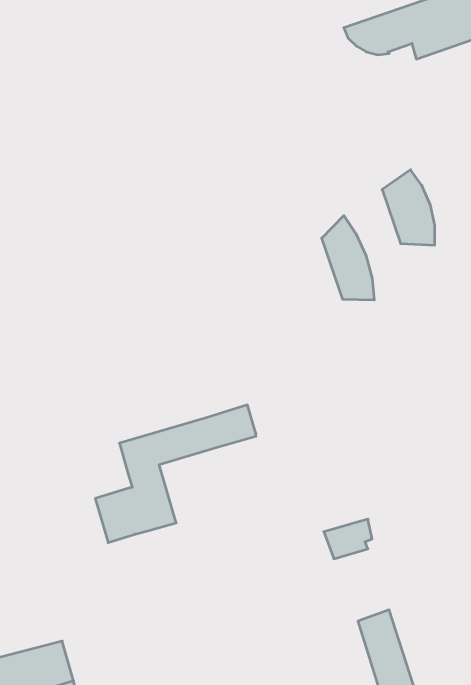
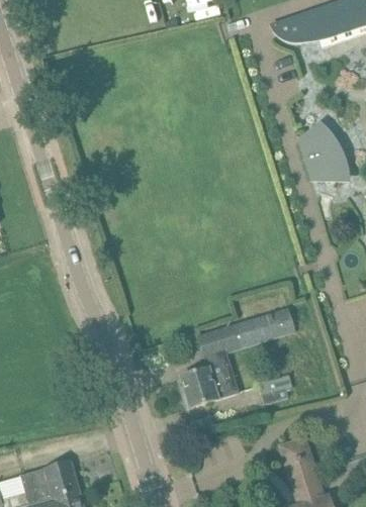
building: [322,216,374,300] -> none
building: [95,405,256,543] -> [181,310,295,408]

